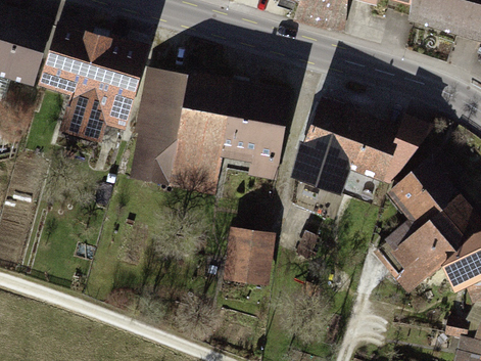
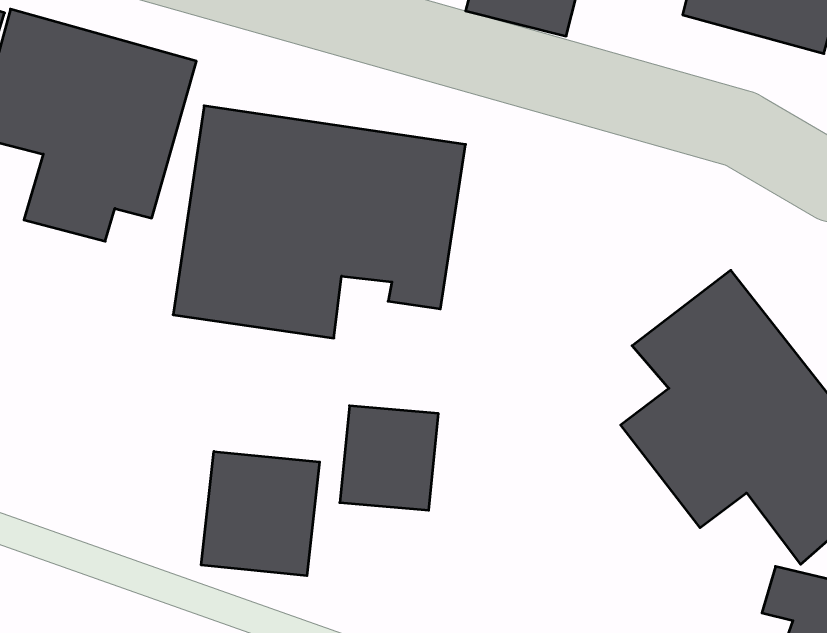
building: [287,97,430,194] -> none
building: none -> [201,451,320,576]

